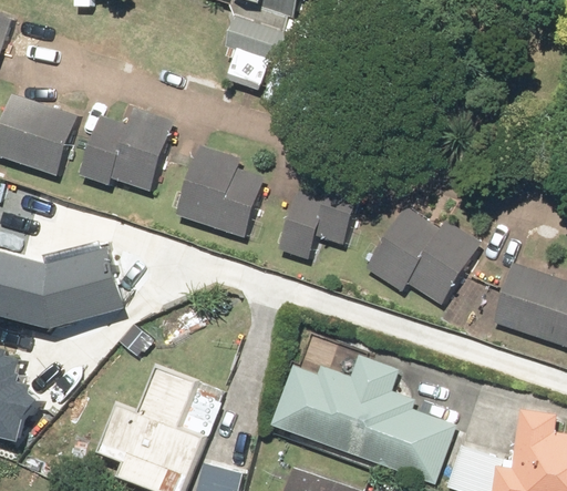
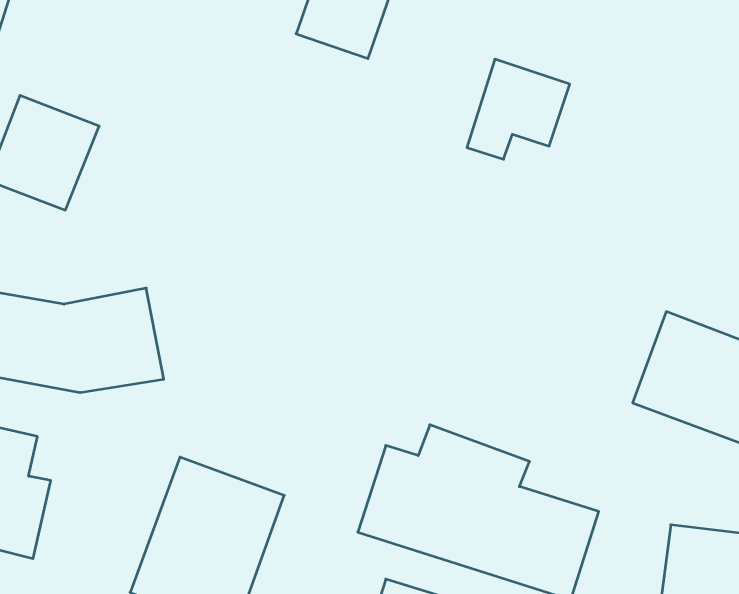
building: [74,109,166,212] -> none
building: [161,153,268,249] -> none
building: [286,182,363,257] -> [467,59,570,159]
building: [364,202,485,305] -> none

